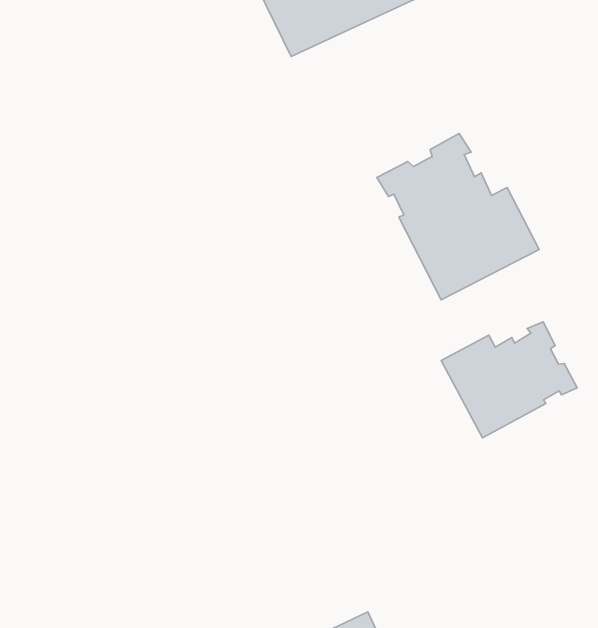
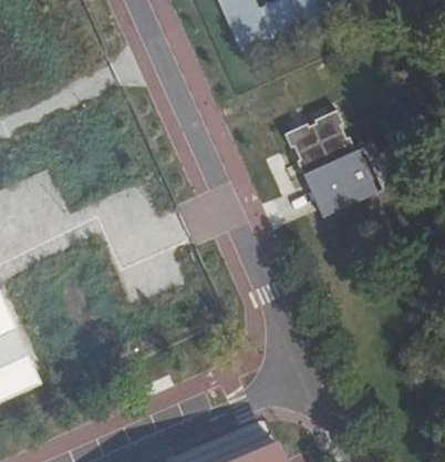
building: [441,322,577,438] -> none

